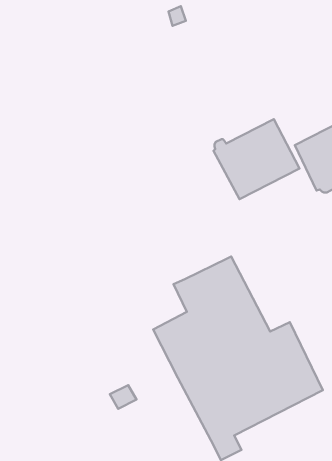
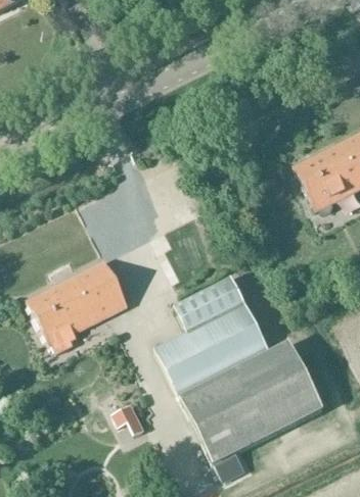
building: [213,119,299,199] -> none
building: none -> [28,260,129,353]

